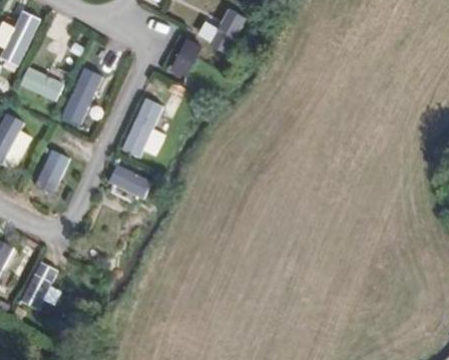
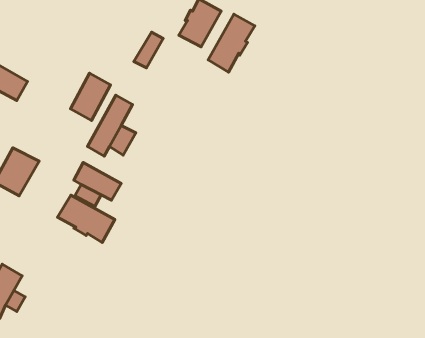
building: none -> [208,14,255,72]
building: [66,67,104,112] -> [70,73,110,120]
building: none -> [58,195,115,243]

